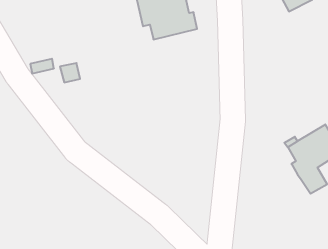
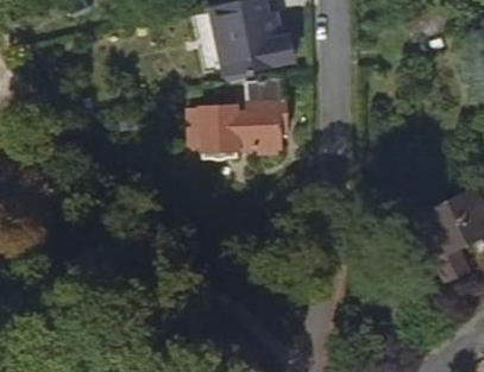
building: none -> [205,77,287,147]

